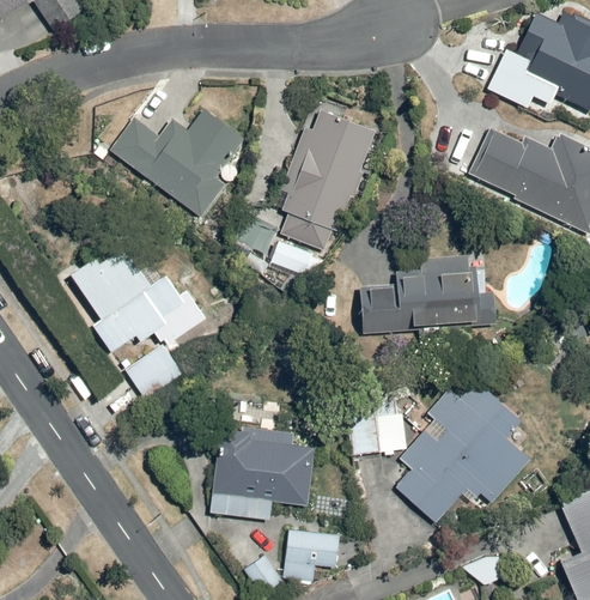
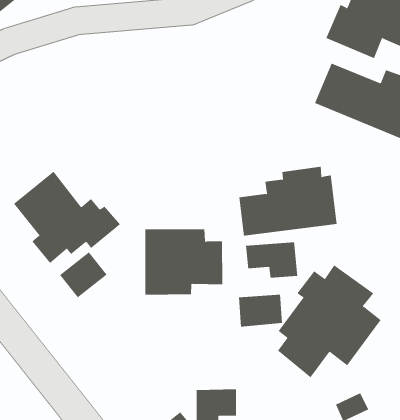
building: [269,105,381,277] -> none
building: [109,109,244,218] -> none
building: none -> [245,242,298,278]
building: [211,426,316,515] -> [144,229,223,295]

